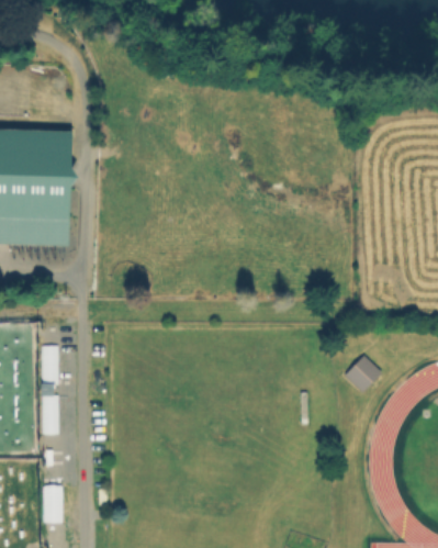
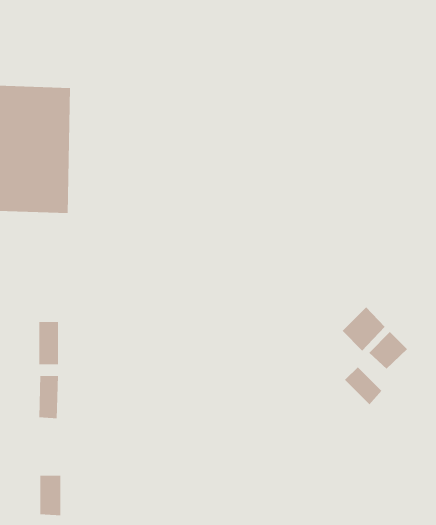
building: none -> [342,306,385,351]
building: none -> [344,366,382,405]

